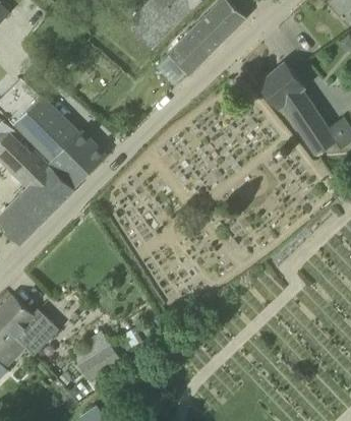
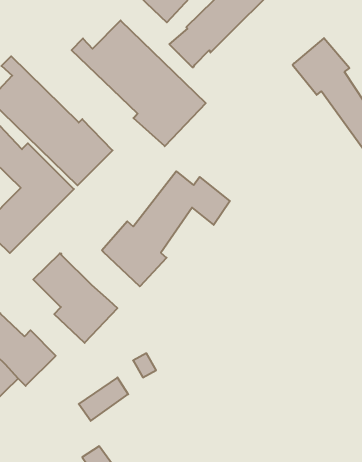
building: none -> [72,20,206,146]
building: none -> [102,171,230,286]
building: none -> [33,253,117,343]

